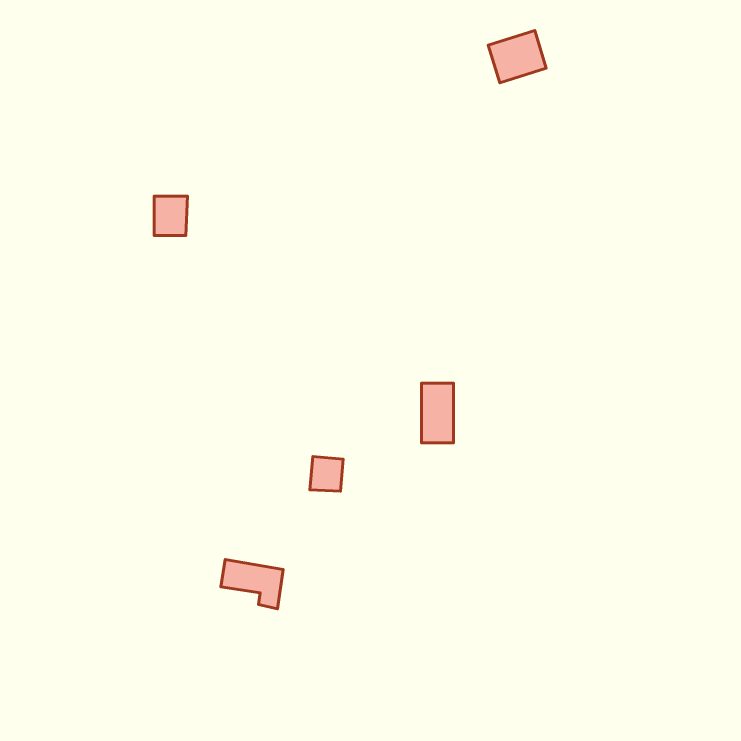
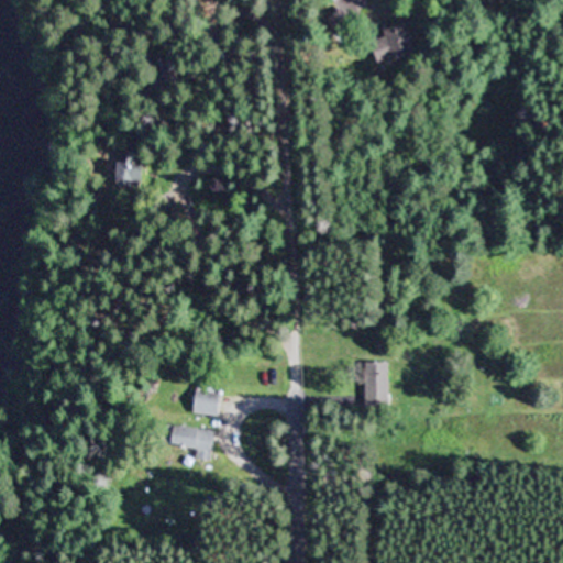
building: [422,383,454,443] -> [364,362,388,407]
building: [310,456,343,491] -> [195,388,220,415]

